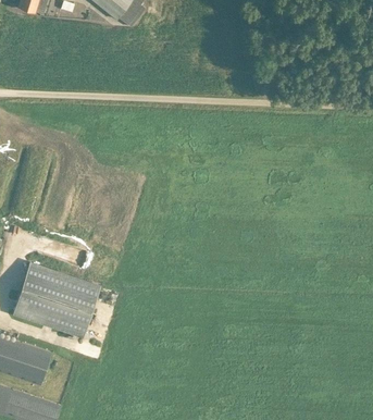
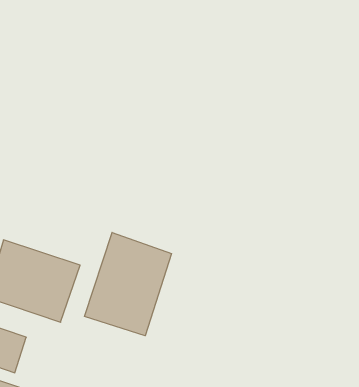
building: none -> [85,232,171,336]

